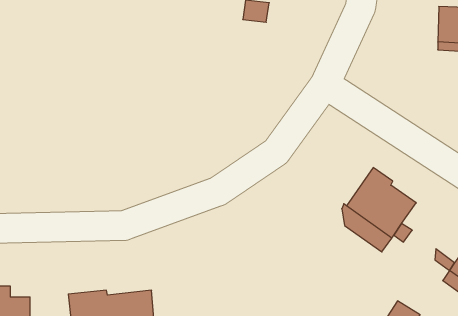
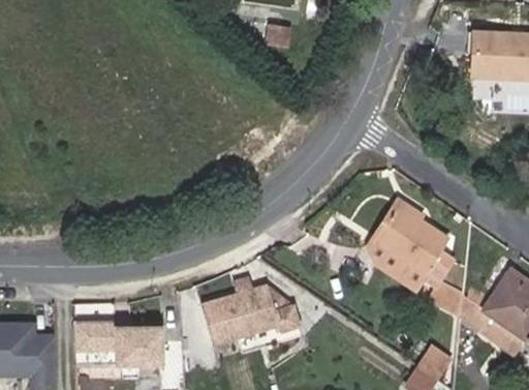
building: none -> [203,274,302,342]

